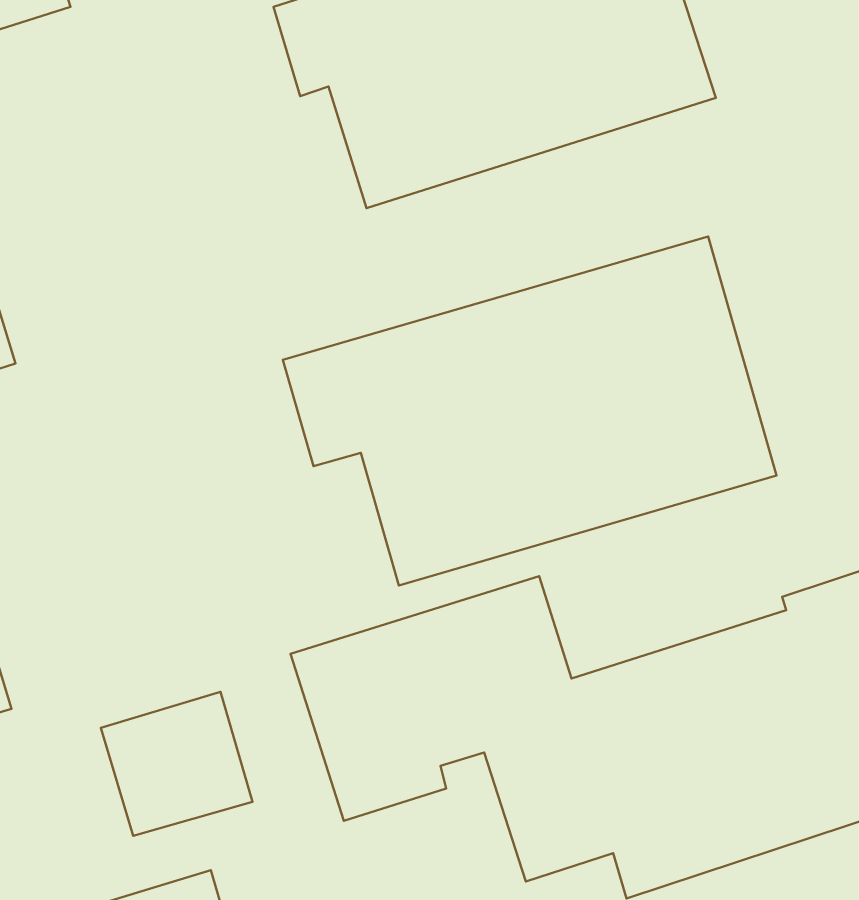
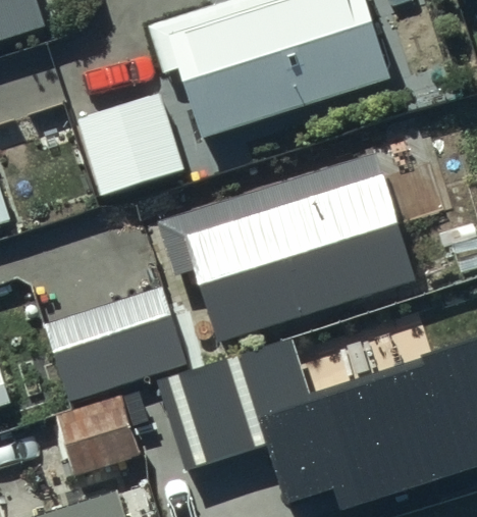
building: none -> [76,93,184,195]
building: none -> [47,289,184,399]

